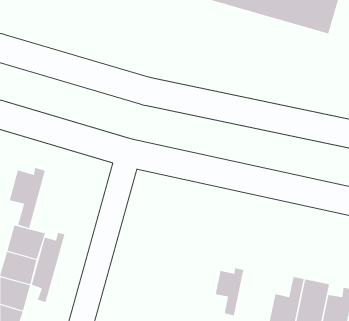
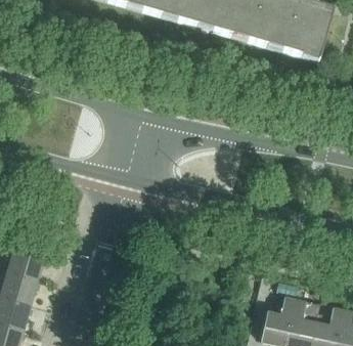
building: [9,167,46,229] -> none
building: [28,232,65,303] -> none
building: [215,268,244,316] -> none

